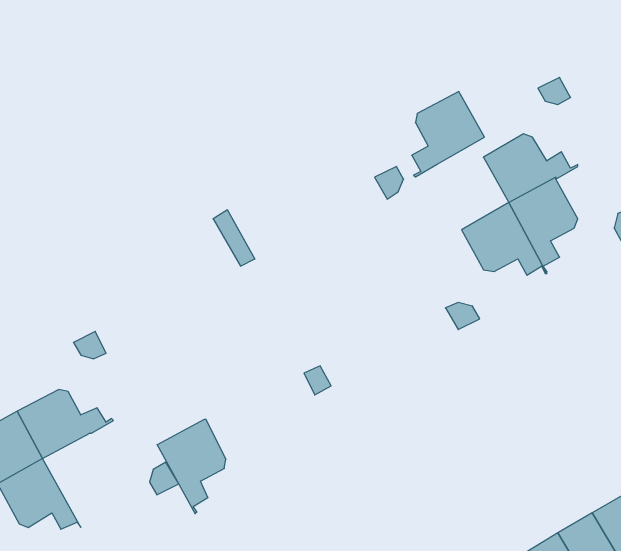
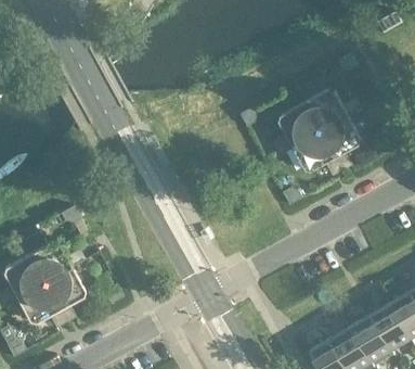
building: [412,92,484,177] -> [277,103,321,154]
building: [157,419,226,514] -> [42,268,83,325]

